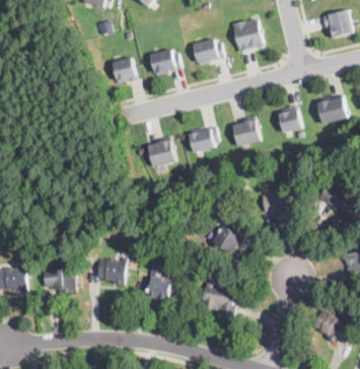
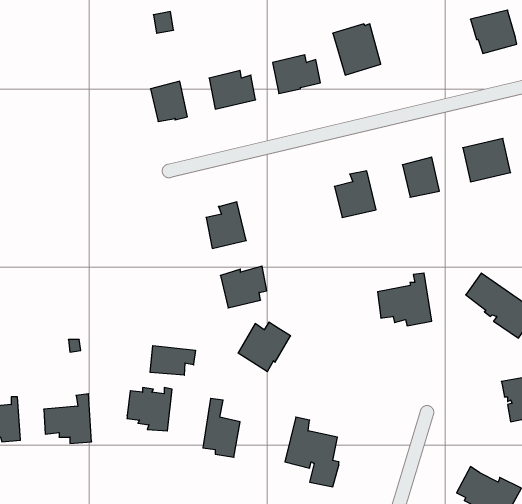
building: [188,126,218,153] -> [220,266,267,308]
building: [212,223,246,255] -> [238,322,291,372]
building: none -> [150,346,195,375]

